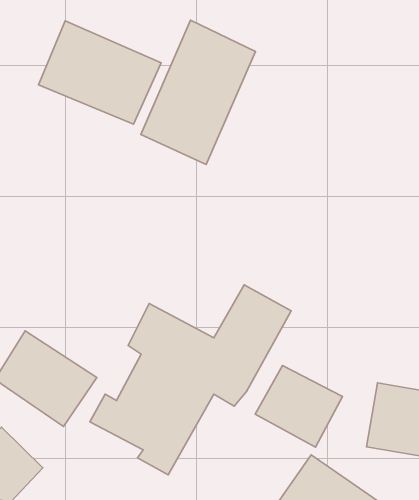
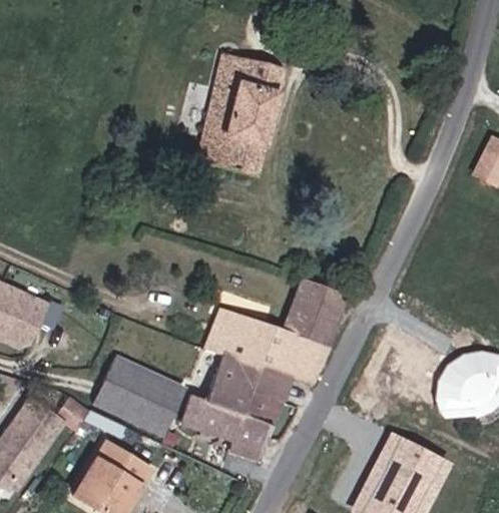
building: [38,21,161,124] -> none
building: [255,366,343,447] -> none

